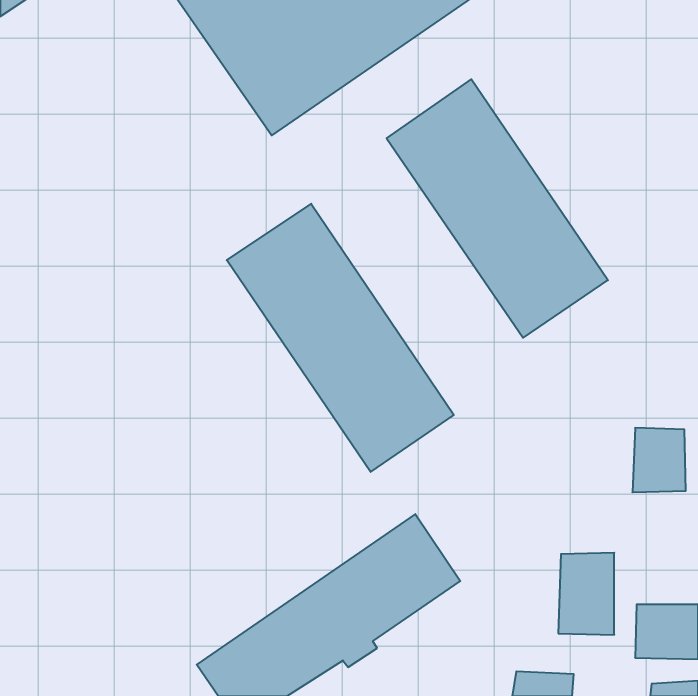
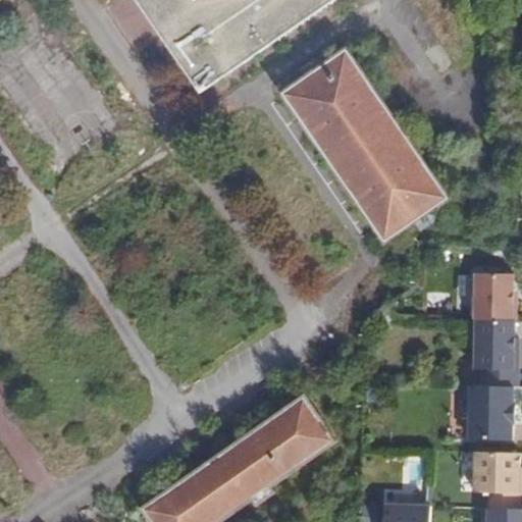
building: [227,204,454,472] -> none
building: none -> [474,274,512,320]
building: [558,553,614,635] -> [469,376,511,437]

